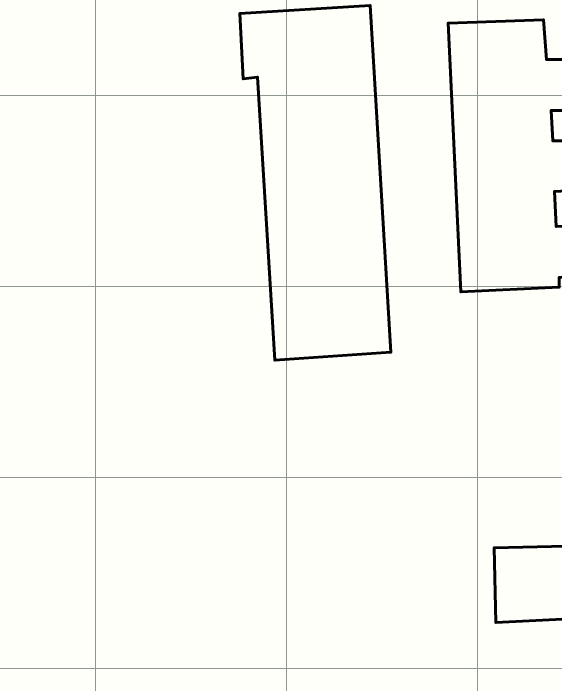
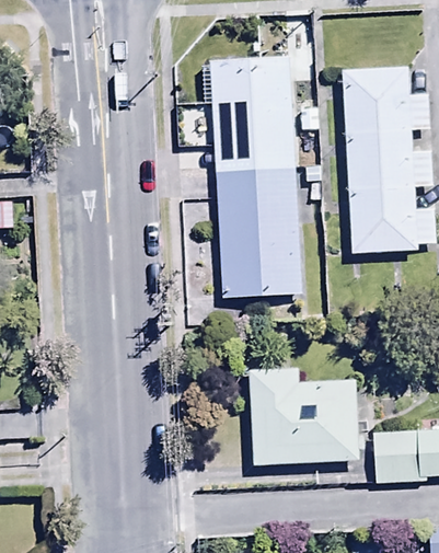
building: none -> [251,367,360,464]

